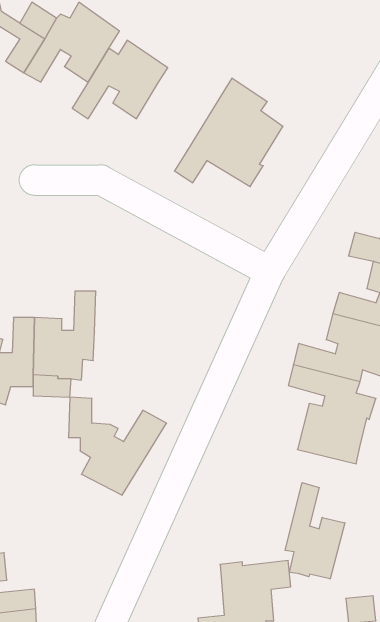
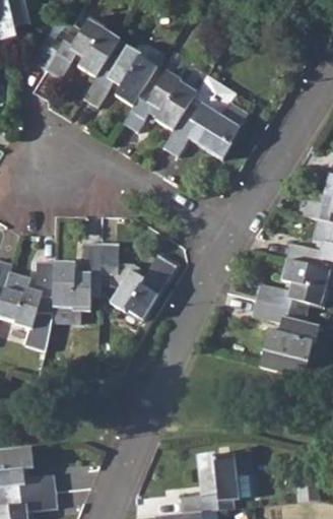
building: none -> [123,62,207,133]
building: [68,397,167,495] -> [101,243,177,319]
building: [285,483,345,579] -> none

